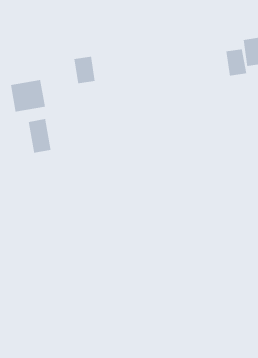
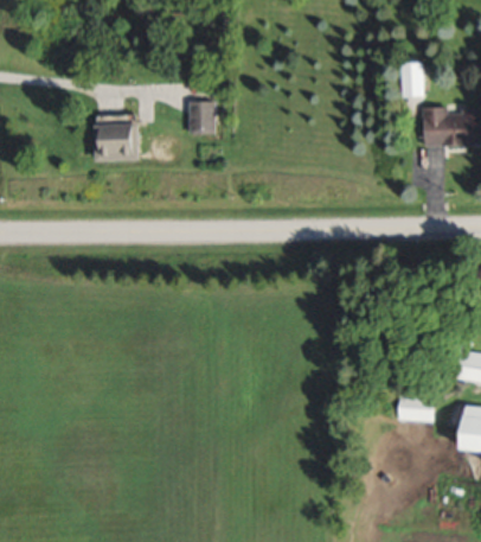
building: [225,49,247,76] -> [399,62,424,96]
building: [28,118,51,153] -> none

